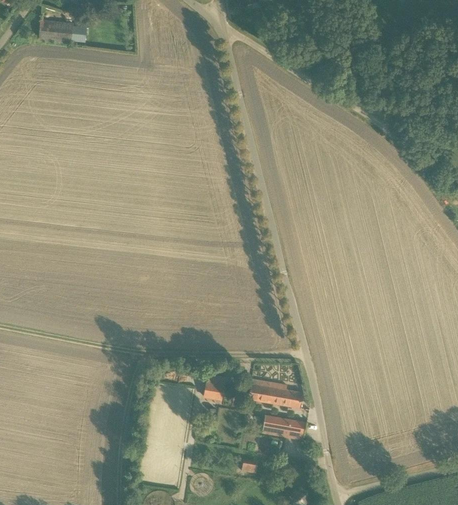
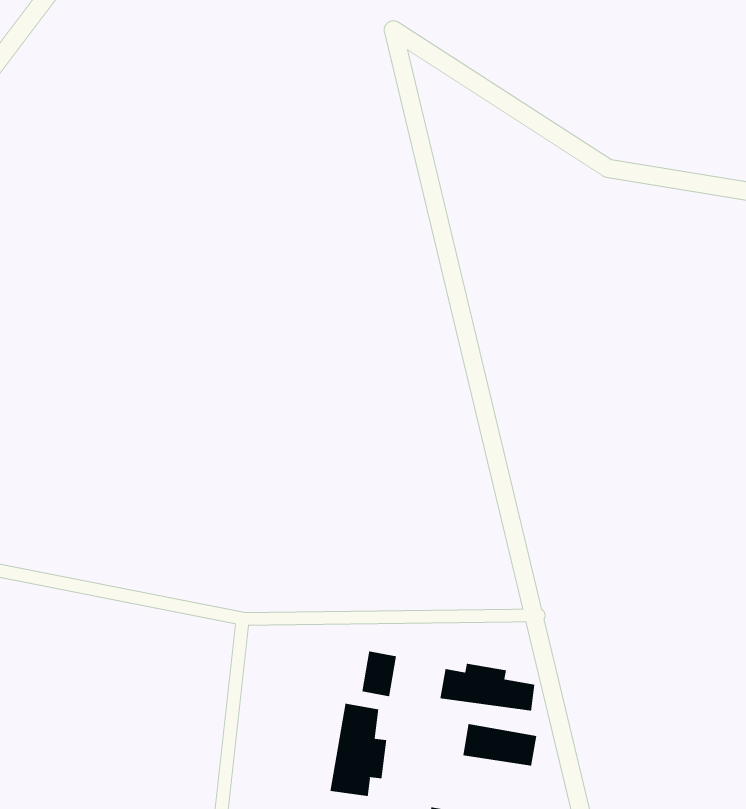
building: [39,20,74,43] -> none
building: none -> [330,703,387,797]

